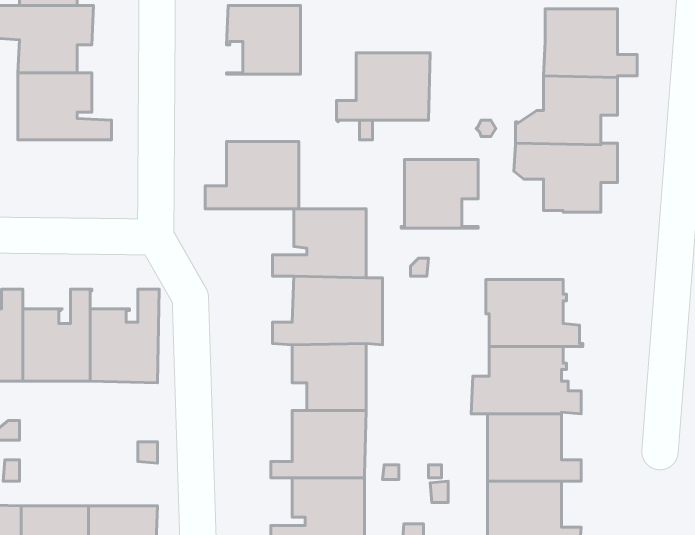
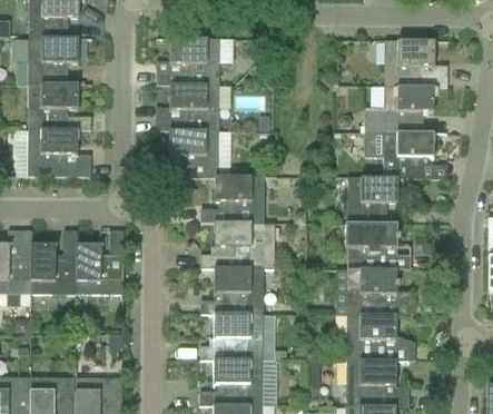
building: [336,53,430,122] -> [156,85,219,131]
building: none -> [28,129,91,176]
building: [401,159,478,228] -> [345,177,397,224]

